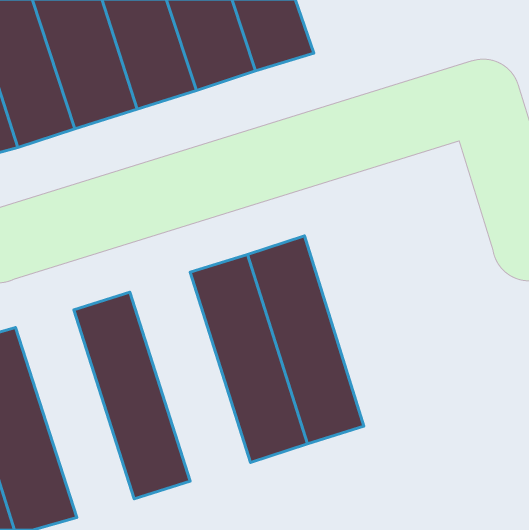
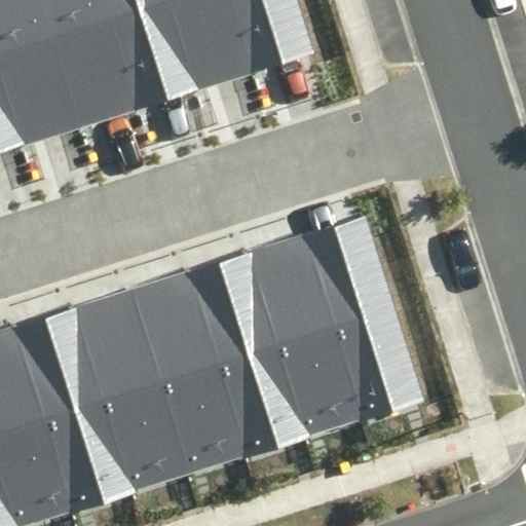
building: none -> [301,214,422,421]
building: none -> [128,269,248,476]
building: none -> [15,306,133,512]

